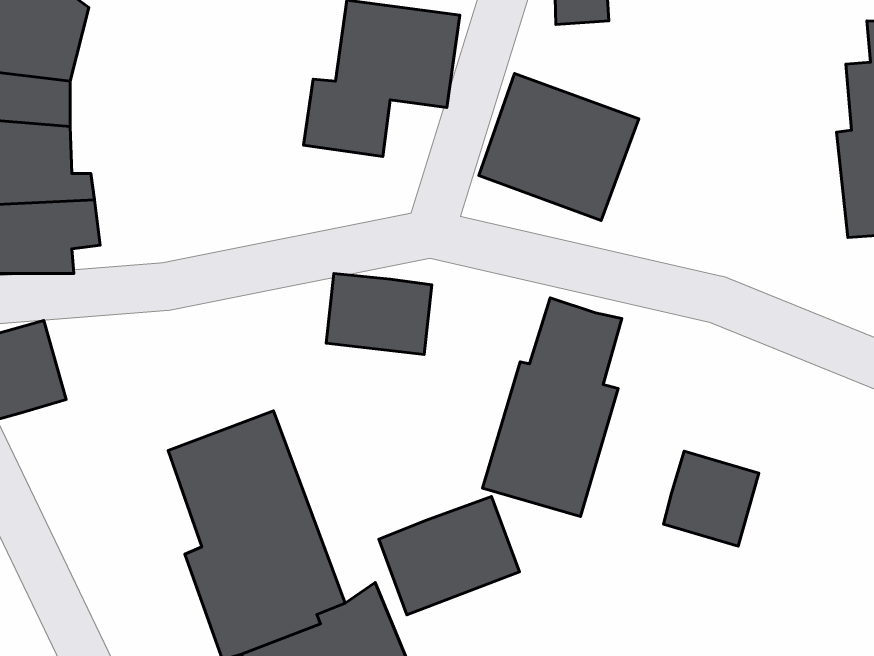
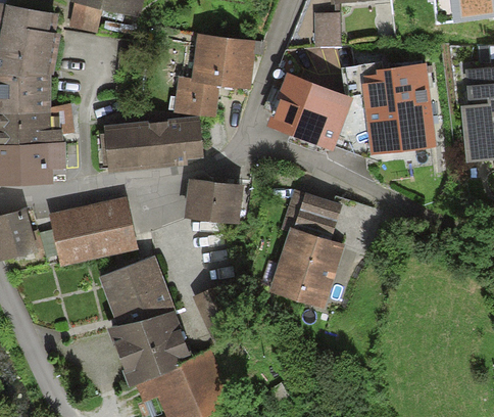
building: none -> [362,63,438,154]
building: none -> [100,115,205,175]
building: none -> [51,197,137,264]
building: [664,451,759,546] -> none
building: [379,496,520,615] -> none

